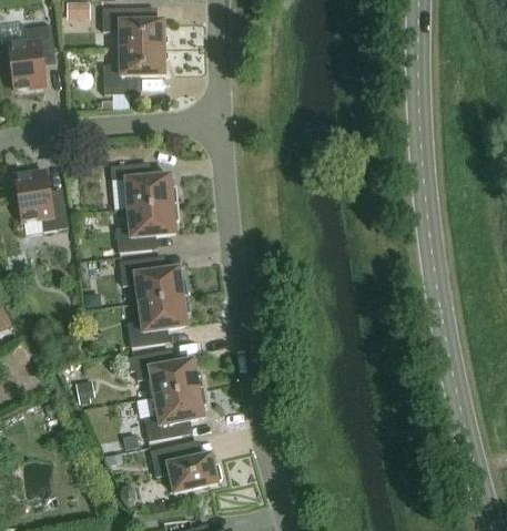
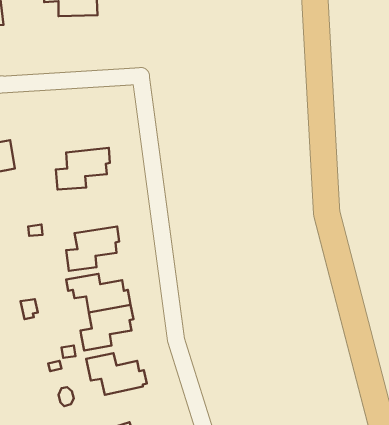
building: [103,48,164,95] -> none
building: [110,163,178,208] -> none
building: [119,257,187,303] -> none

